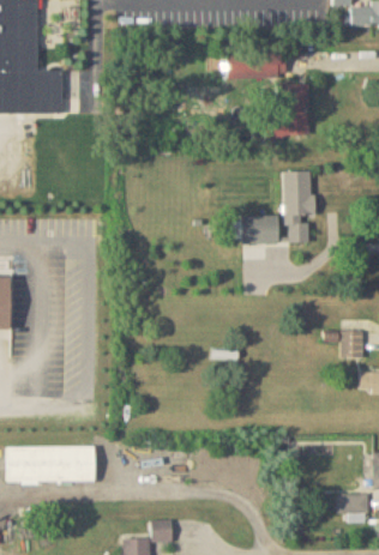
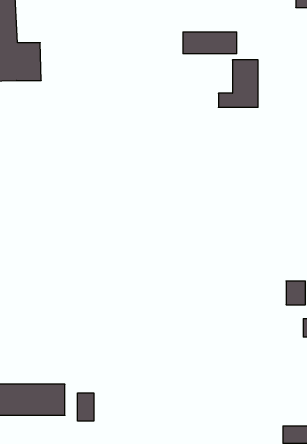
building: [284,173,309,241] -> none
building: [241,217,277,245] -> none
building: none -> [78,393,94,421]

